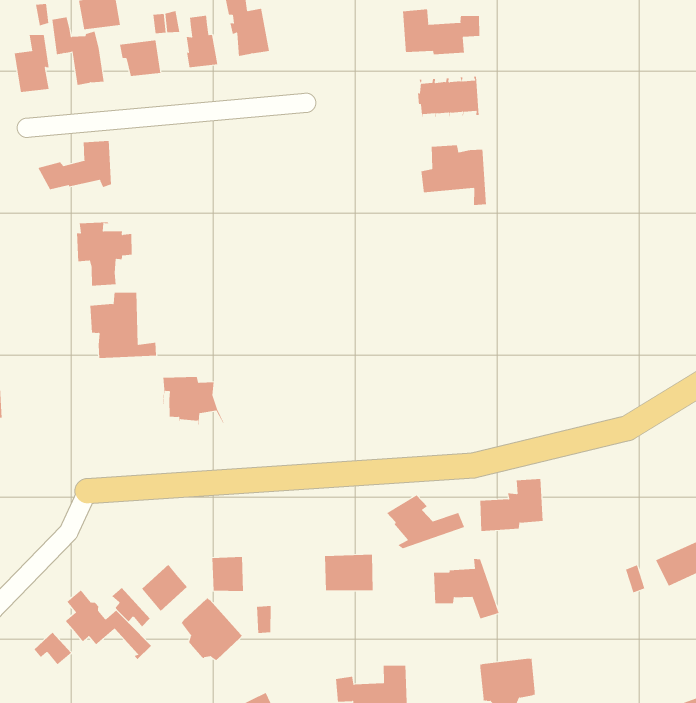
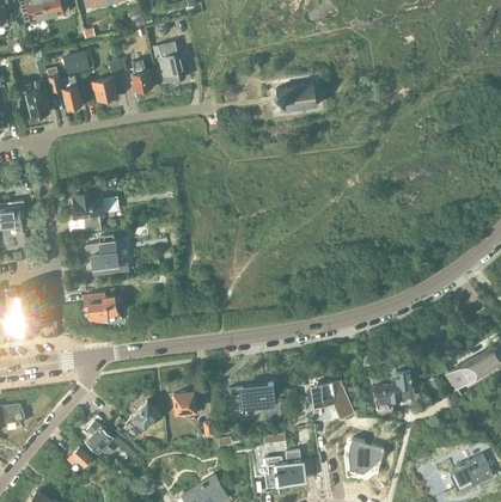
building: [403,9,480,55] -> none
building: [37,140,111,190] -> none
building: [421,145,487,206] -> none
building: [162,376,225,425] -> [83,293,123,323]
building: [479,478,543,531] -> [373,369,414,405]
building: [386,495,465,549] -> none
building: [181,597,243,661] -> none

